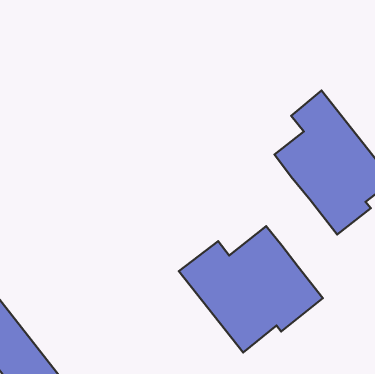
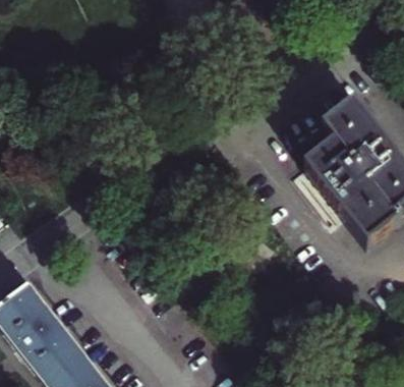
building: [179,226,323,353] -> none

